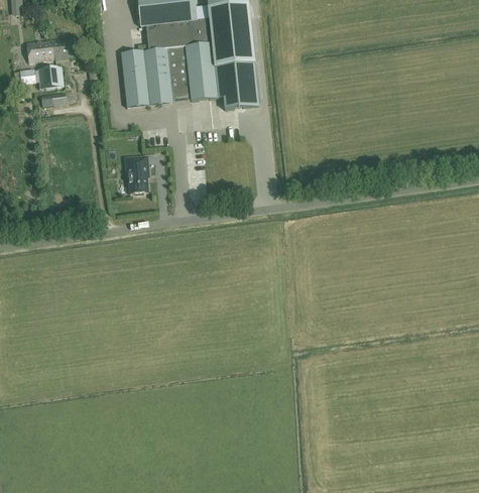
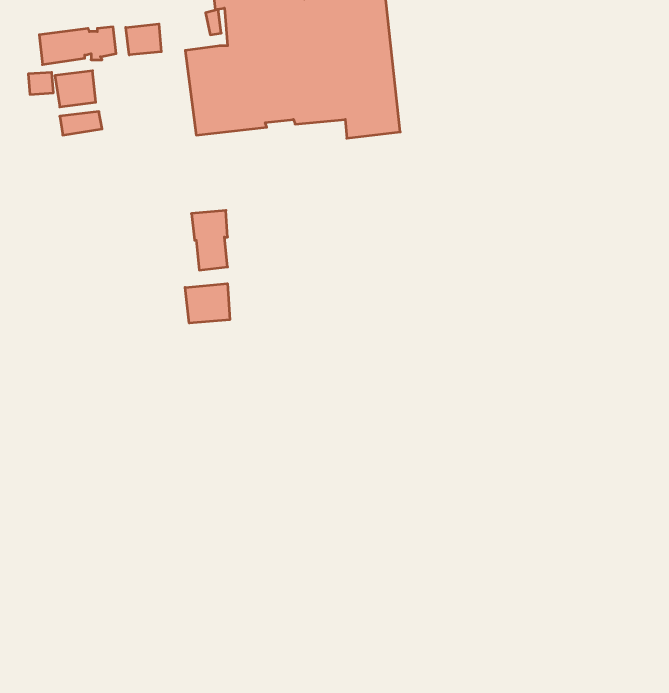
building: none -> [126,24,161,55]
building: none -> [185,284,230,323]

